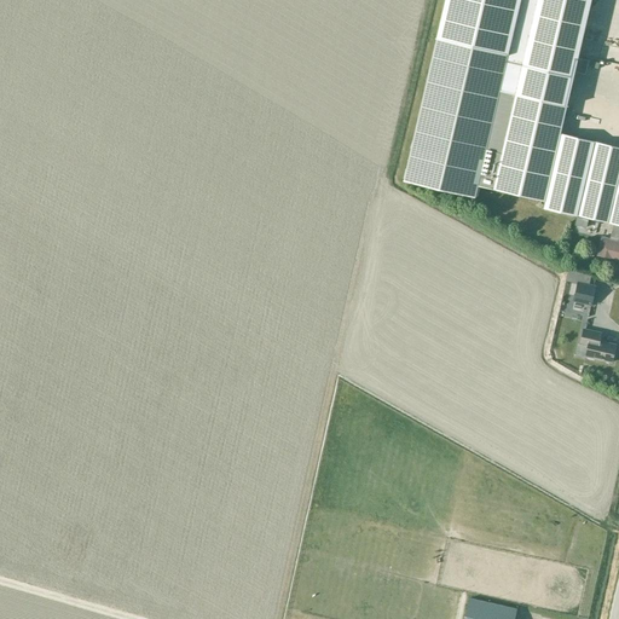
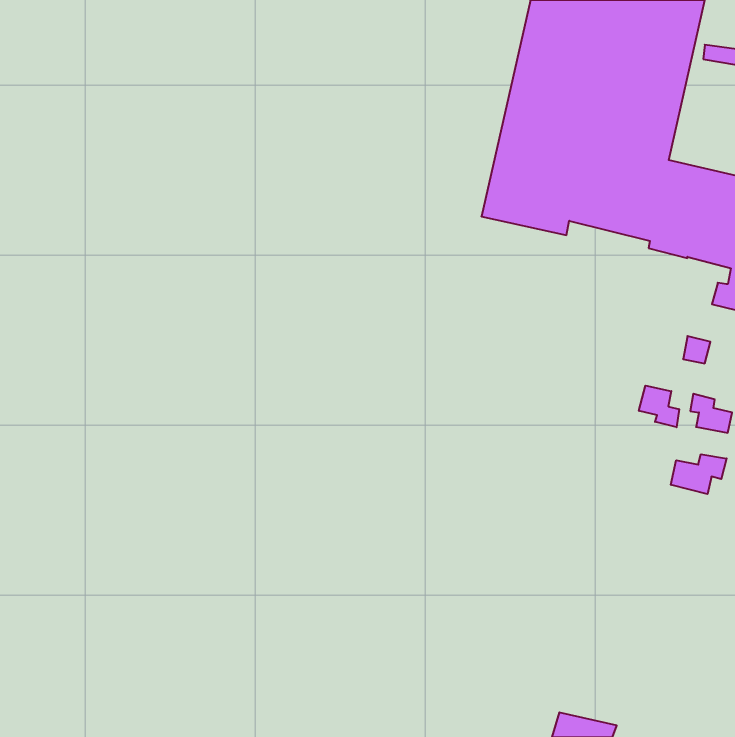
building: none -> [639,386,679,427]
building: none -> [671,454,727,494]

